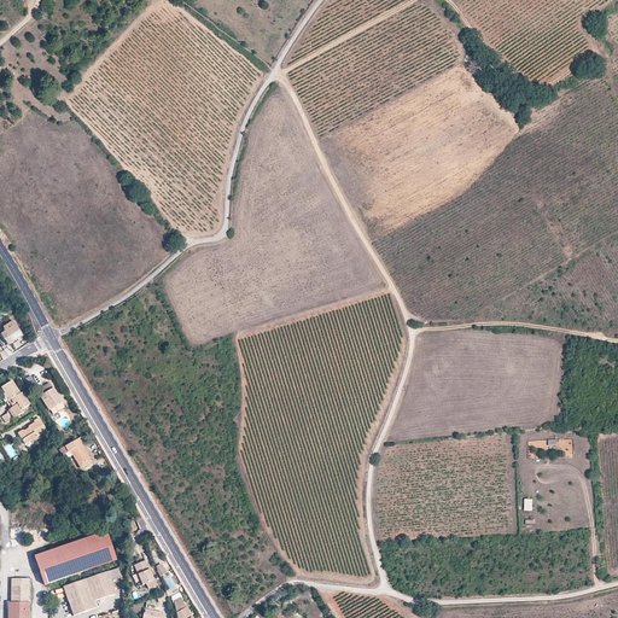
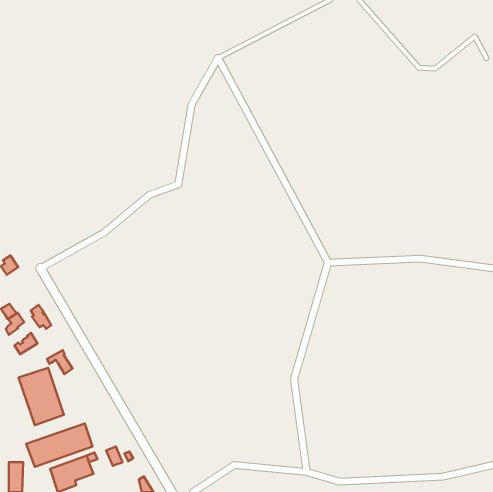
building: none -> [18,368,64,425]

